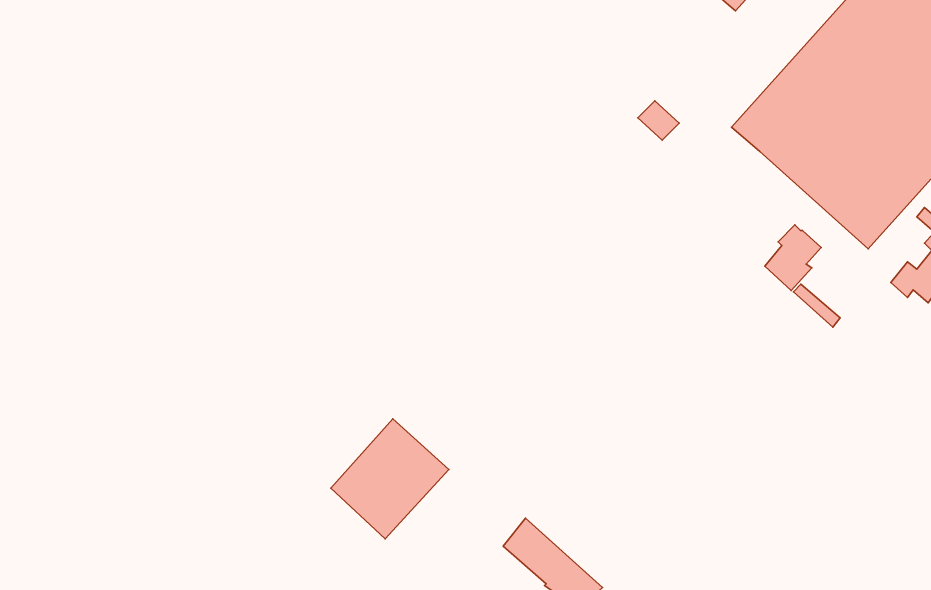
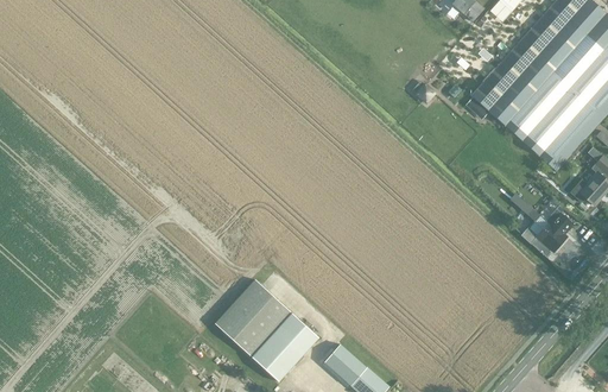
building: [765,225,821,290] -> [537,210,572,252]
building: none -> [253,315,318,381]

